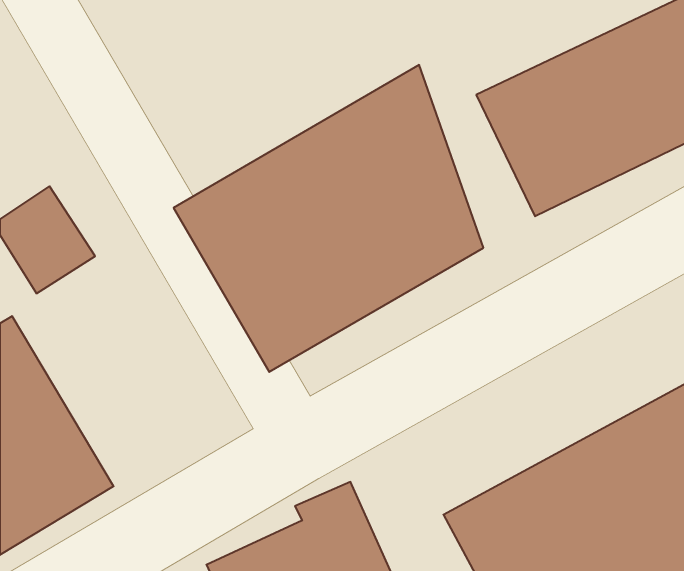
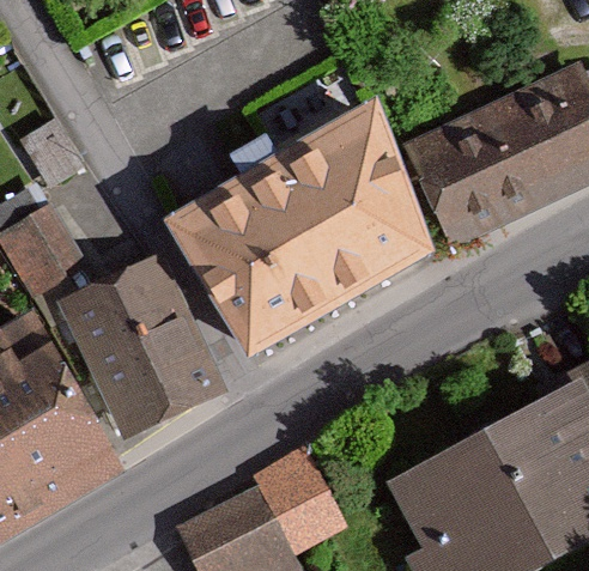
building: none -> [57,263,223,443]

